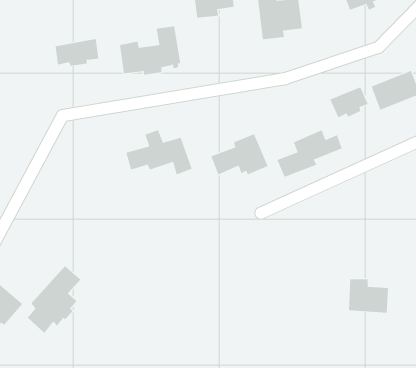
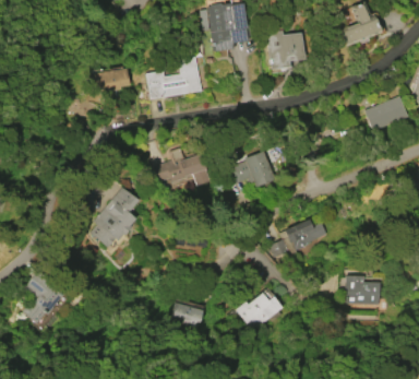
building: [330,86,369,118] -> none
building: [277,129,342,177] -> [270,218,326,260]
building: [27,266,81,334] -> [89,188,136,247]
building: none -> [236,293,283,332]
building: none -> [172,303,205,328]

